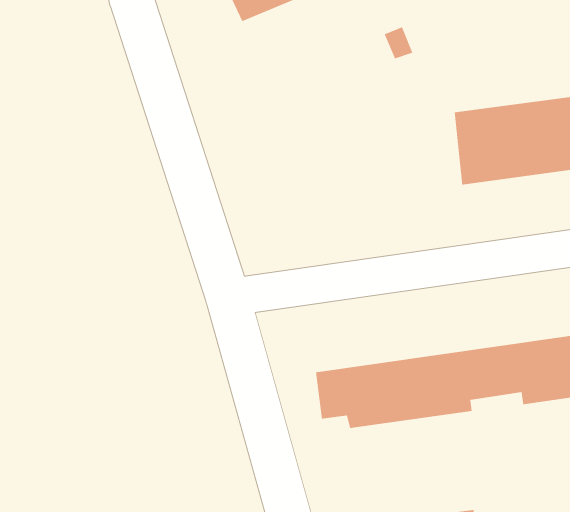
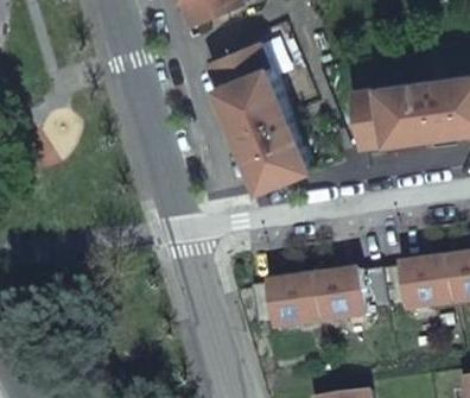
building: none -> [209,38,312,188]

